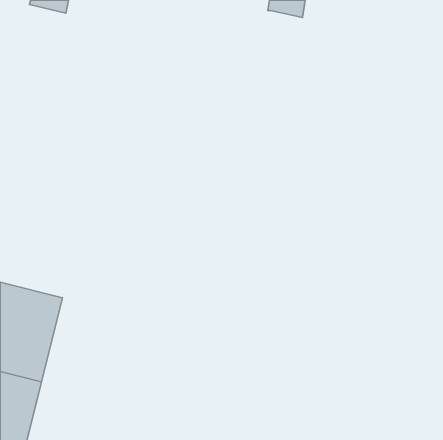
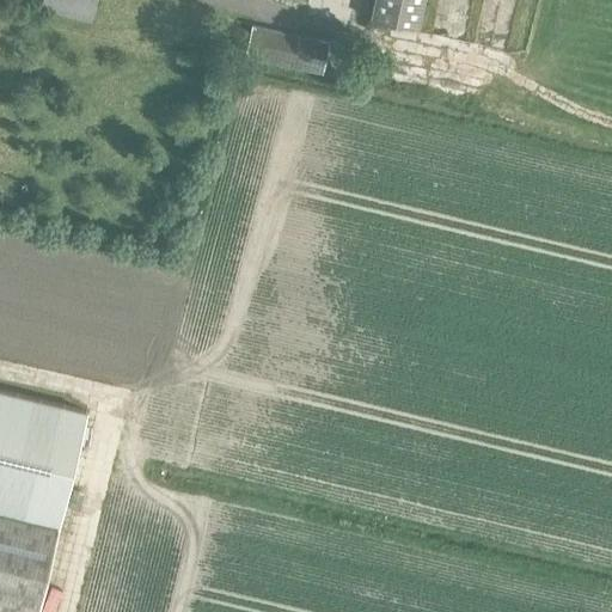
building: none -> [245,29,328,75]

